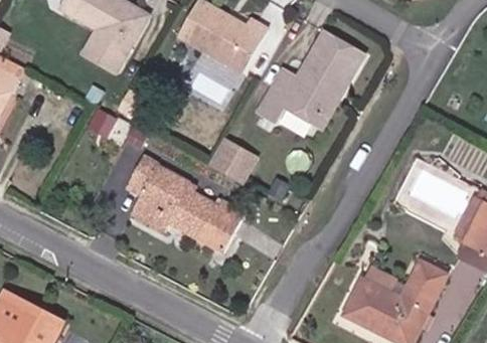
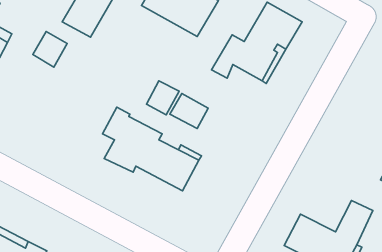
building: none -> [33,31,67,67]
building: none -> [146,81,179,115]

